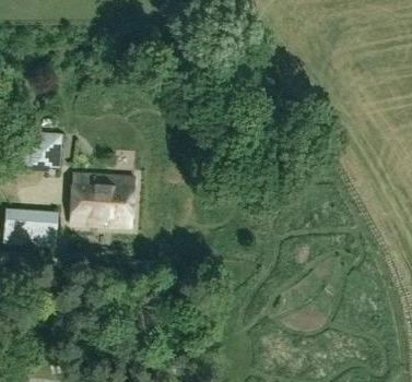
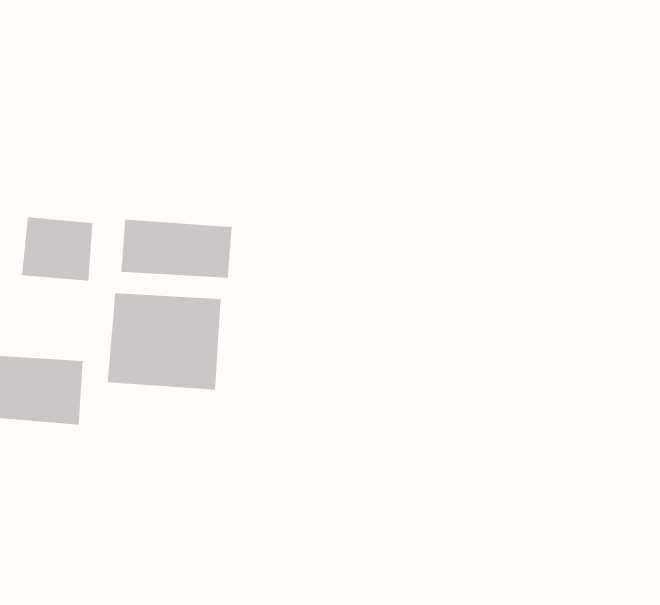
building: none -> [121,219,232,279]

